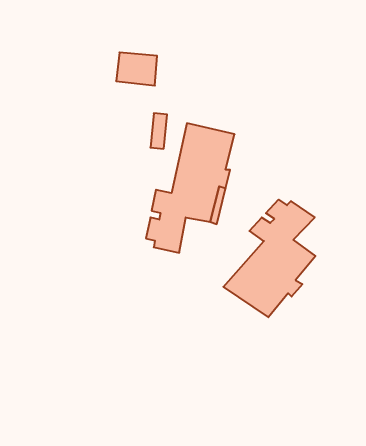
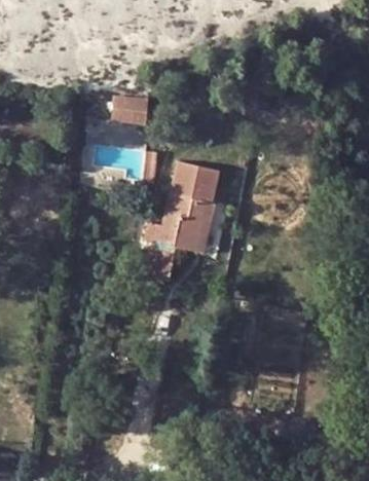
building: [223,200,315,317] -> none

